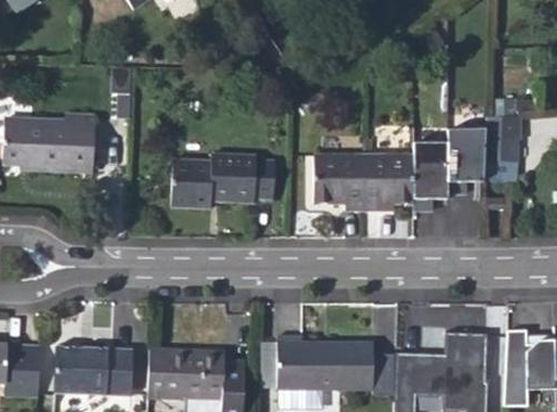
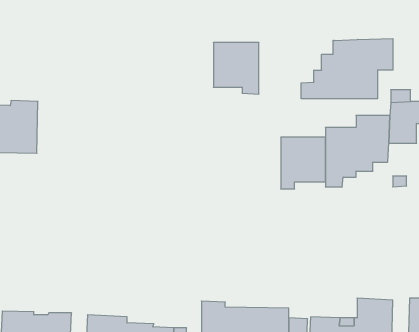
building: none -> [301,39,393,99]
building: [170,153,276,207] -> none
building: [313,154,364,211] -> [213,43,259,94]

